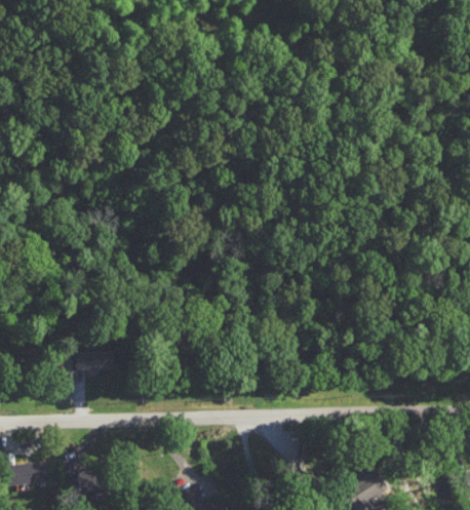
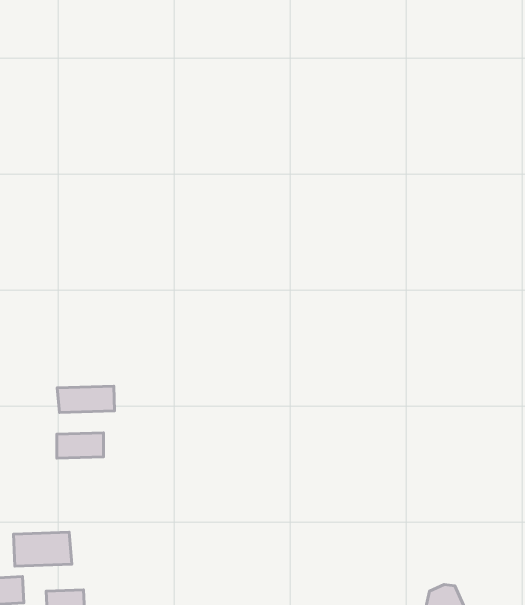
building: none -> [57,386,115,412]
building: none -> [14,532,72,566]

